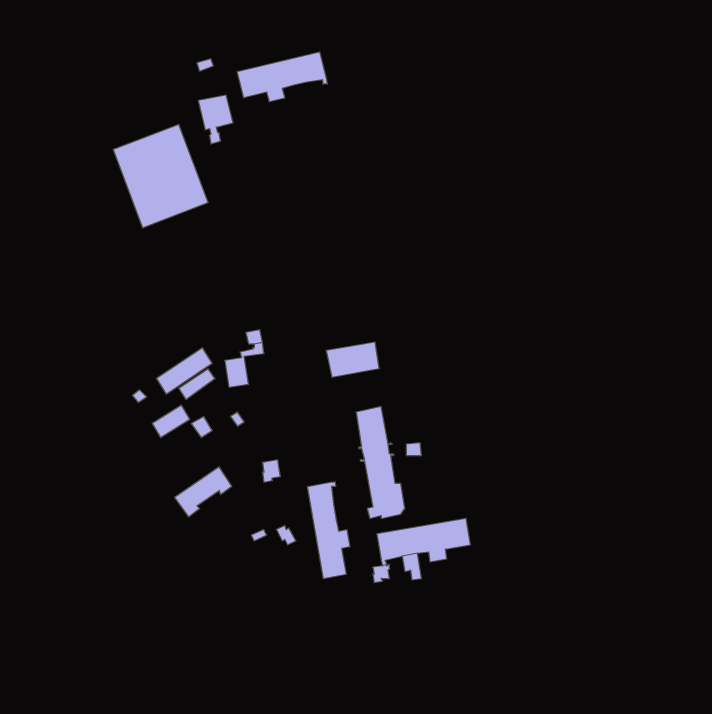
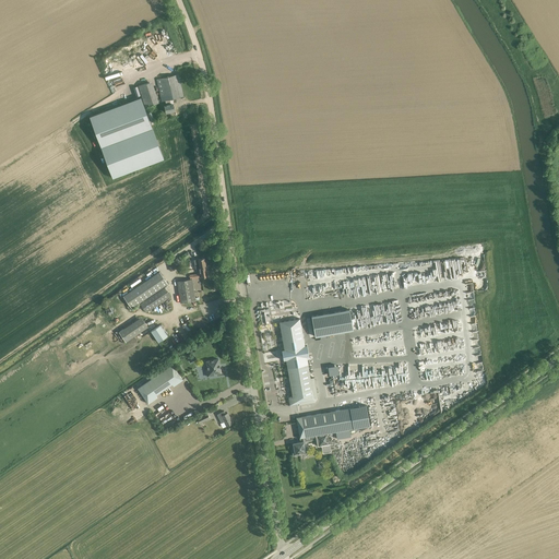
building: [237,52,327,102] -> none
building: [326,342,379,377] -> [310,309,352,336]
building: [308,482,350,579] -> none

